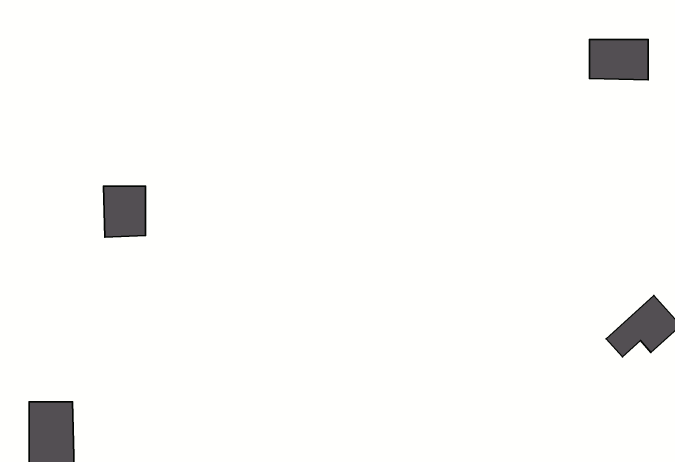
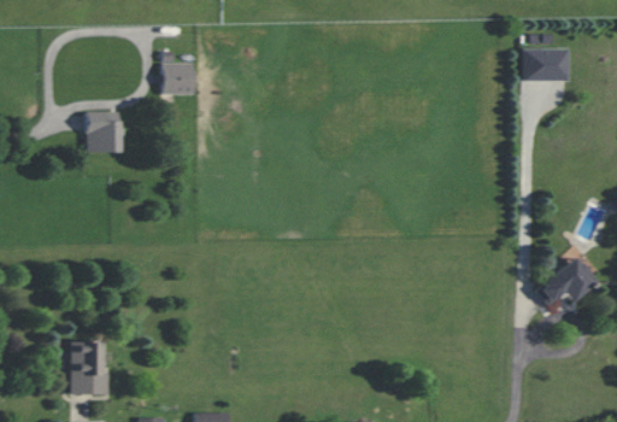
building: none -> [161,63,193,95]
building: [103,186,145,237] -> [86,112,119,153]

